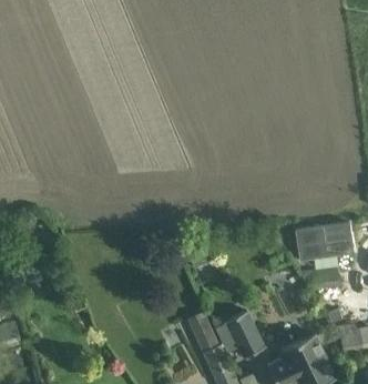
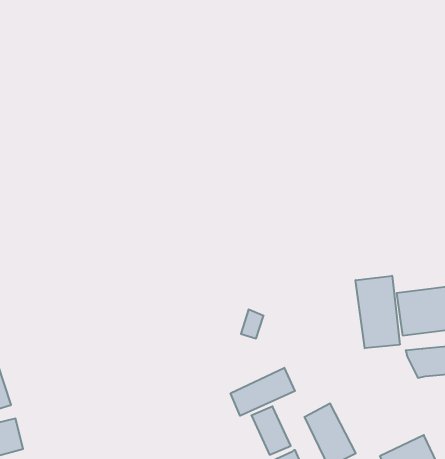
building: none -> [356,276,400,348]
building: none -> [231,368,295,416]

